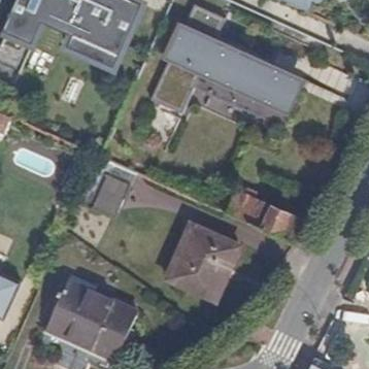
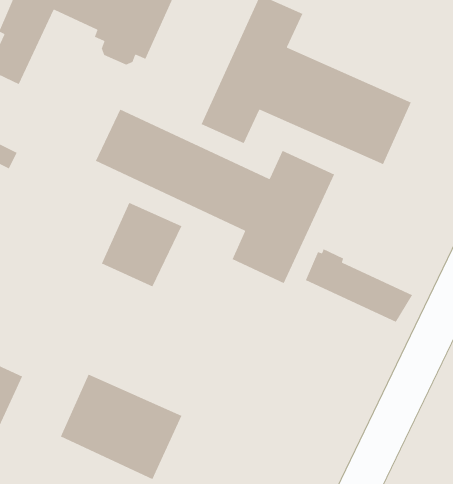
building: none -> [95,108,335,284]
building: [167,225,238,297] -> none

